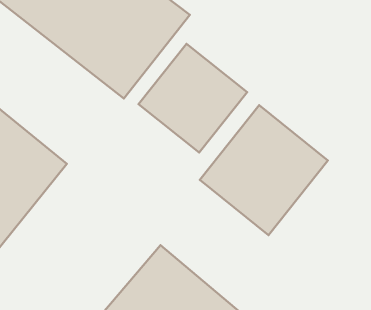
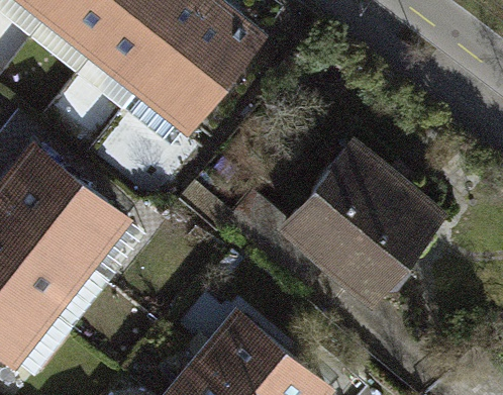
building: [138,44,247,152] -> none

